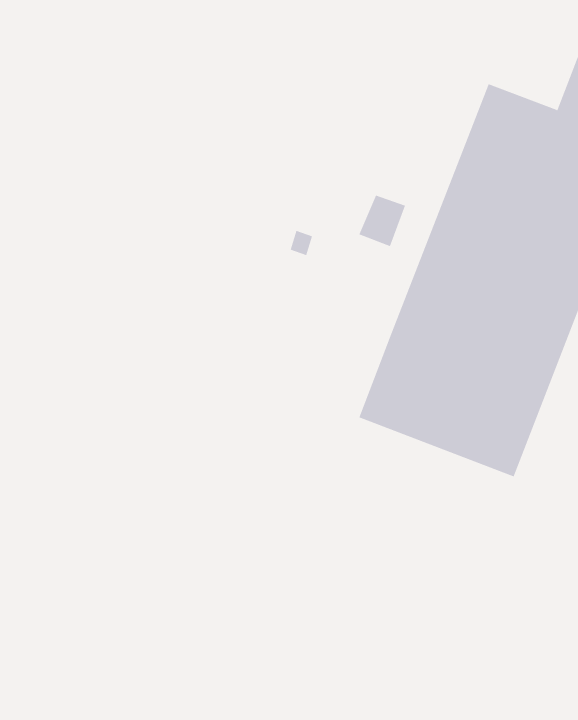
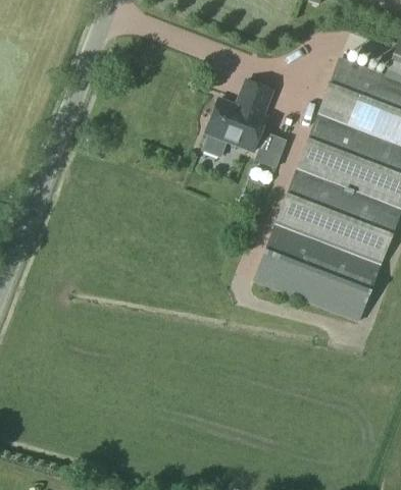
building: none -> [204,80,272,156]

